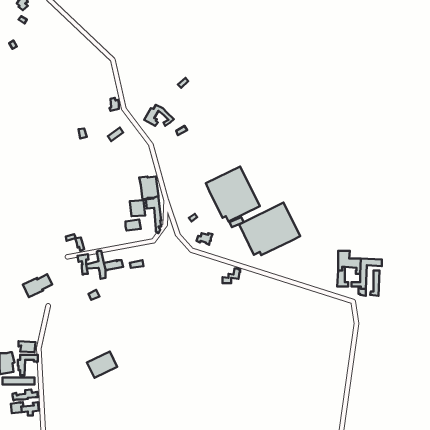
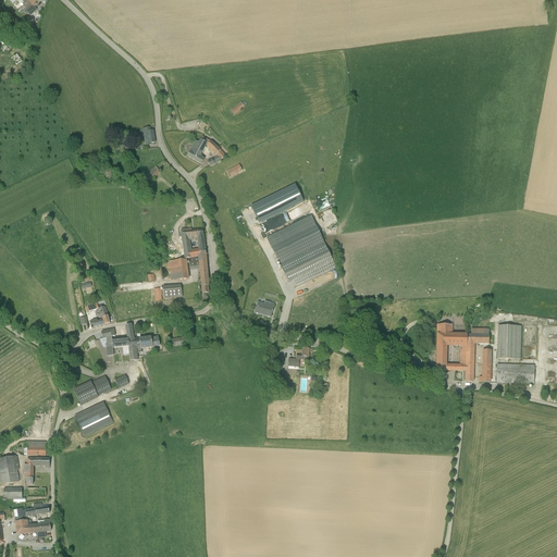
building: none -> [250,183,302,221]
building: [239,203,300,255] -> none
building: none -> [496,324,519,357]
building: [23,274,52,297] -> [72,374,110,404]
building: none -> [495,362,533,382]
building: [87,352,117,378] -> [73,400,112,434]

